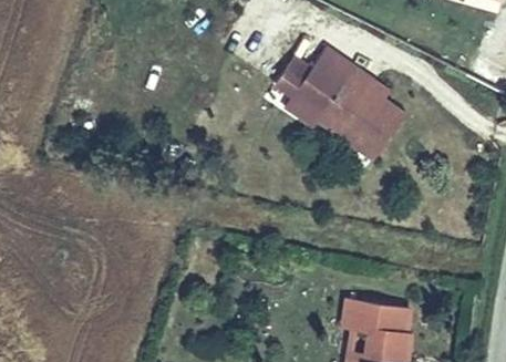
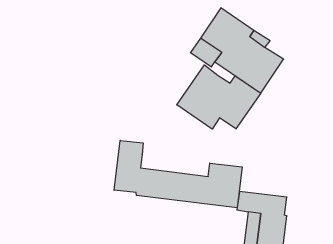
building: none -> [177,65,261,129]
building: none -> [114,140,242,208]

